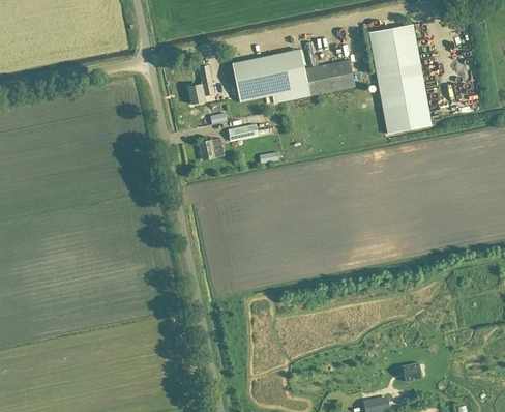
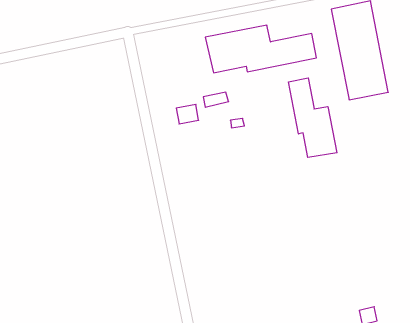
building: [186,64,213,104] -> none
building: none -> [289,78,337,157]

